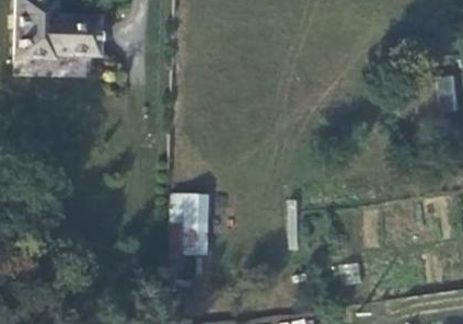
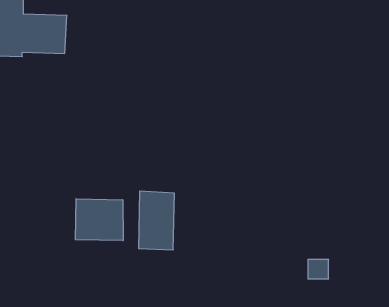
building: none -> [76,199,123,241]

